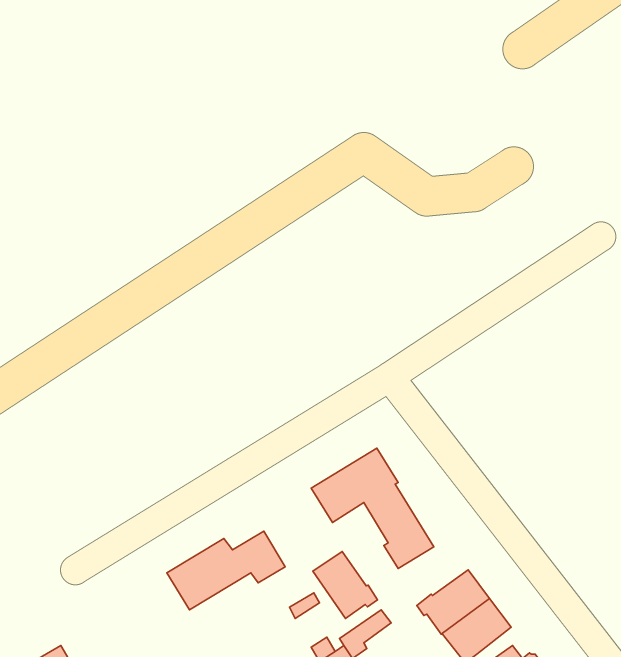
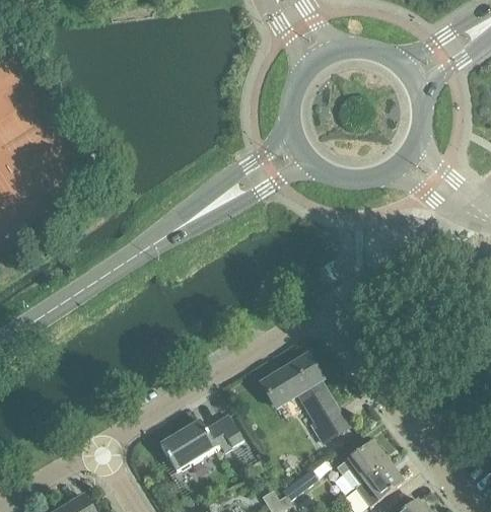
building: [313,552,377,619] -> none

